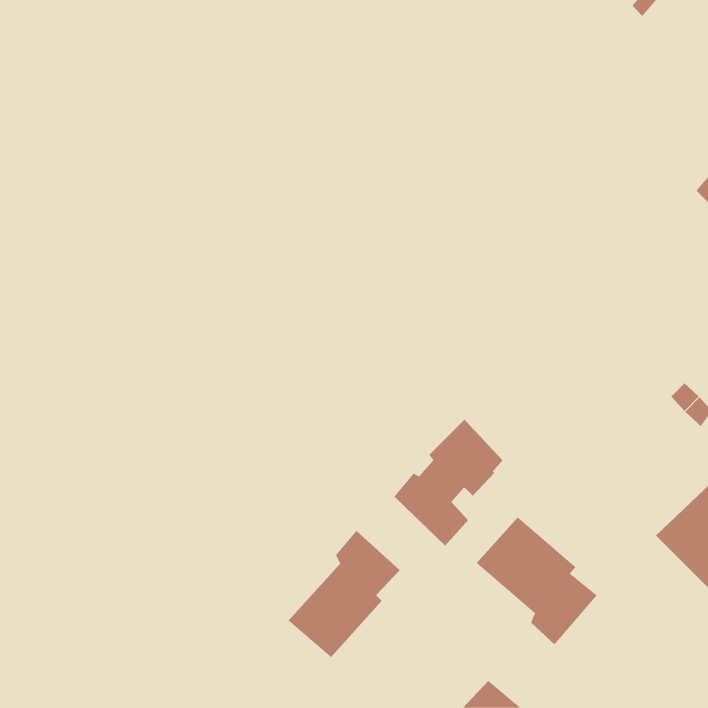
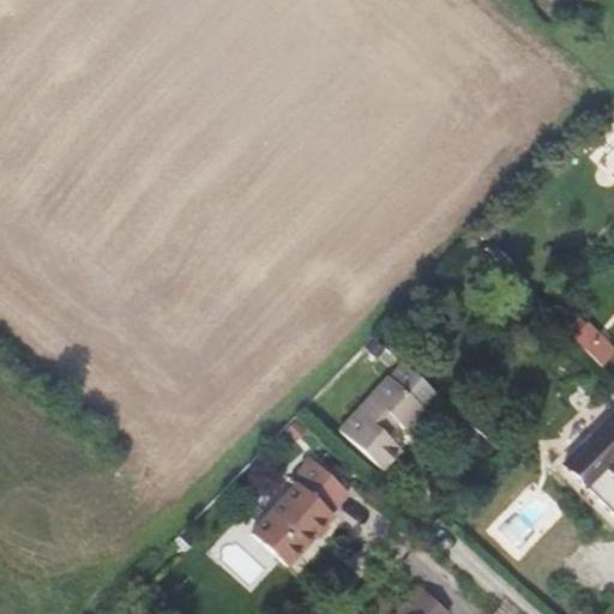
building: [476,516,598,645] -> none

